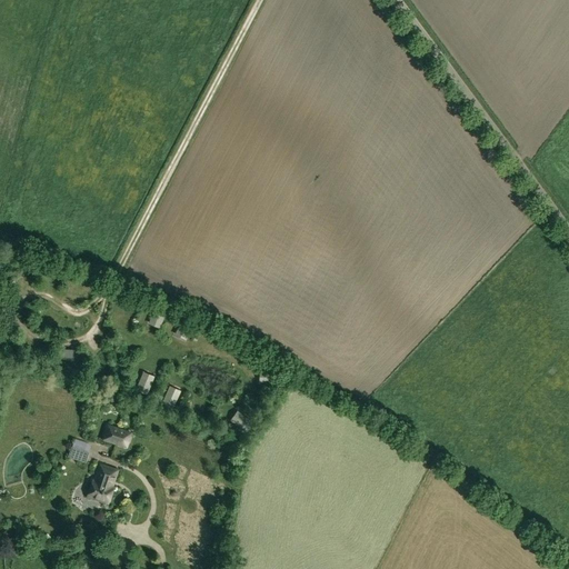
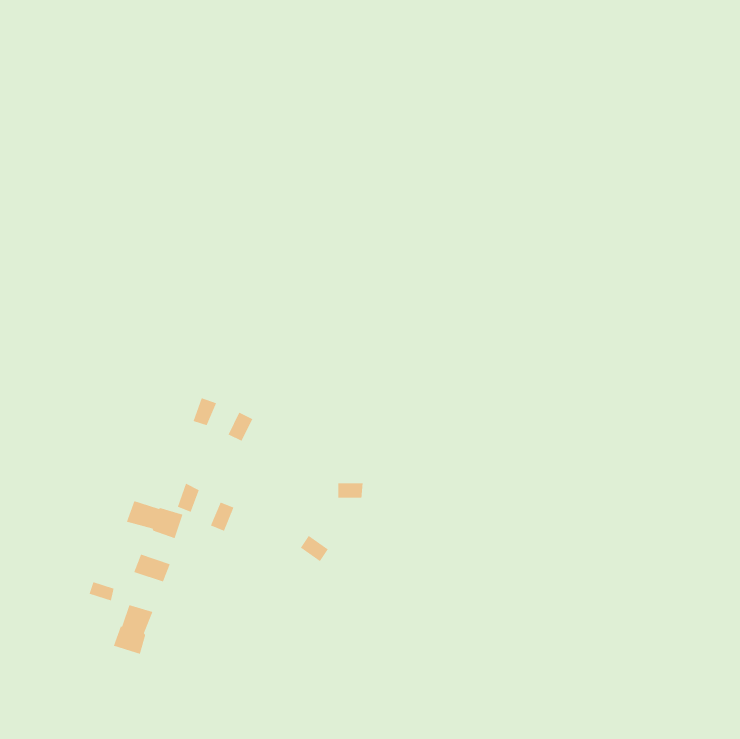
building: none -> [126,500,183,539]

